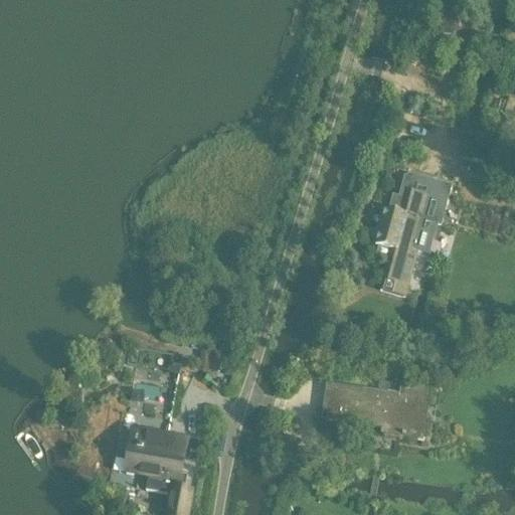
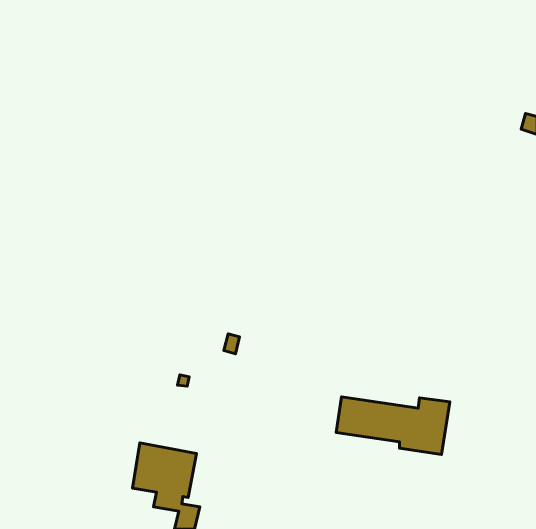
building: [376,177,443,294] -> none

